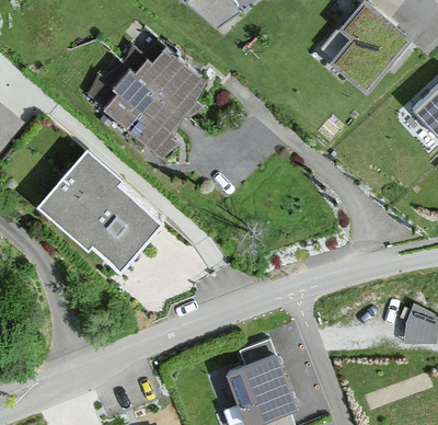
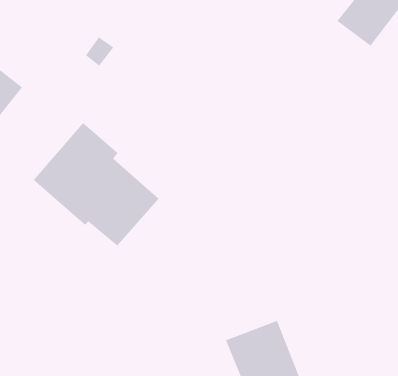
building: [97,41,205,149] -> none

